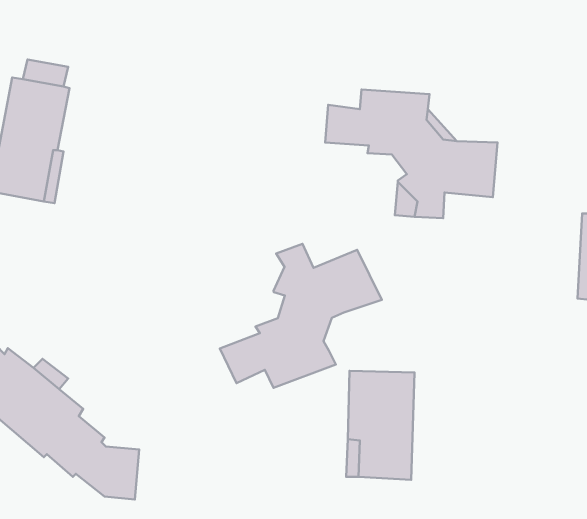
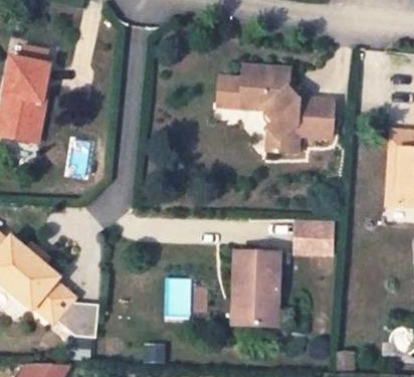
building: [220,244,382,388] -> none
building: none -> [294,220,336,255]

